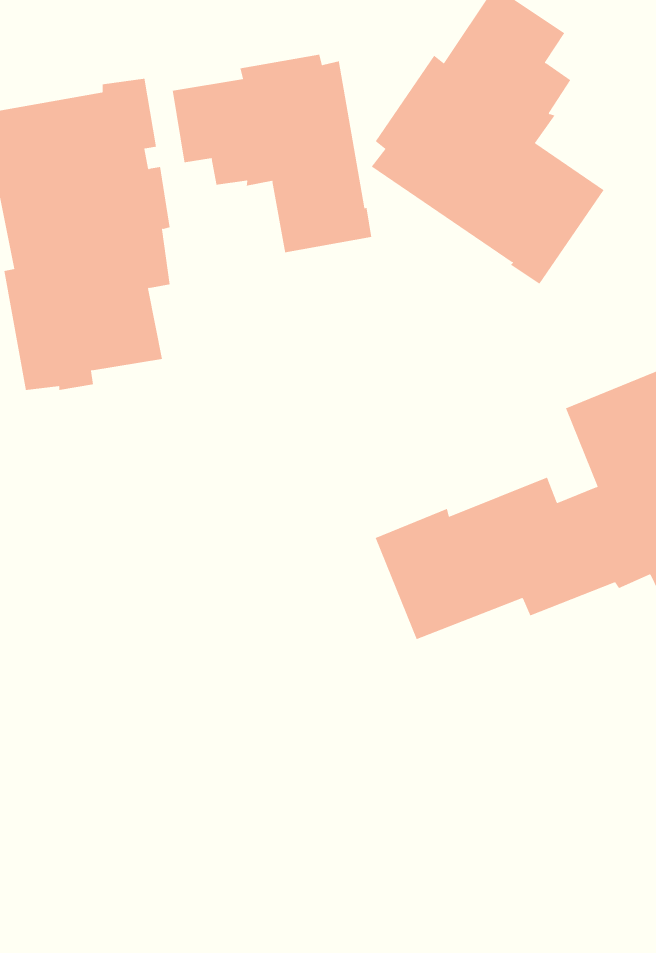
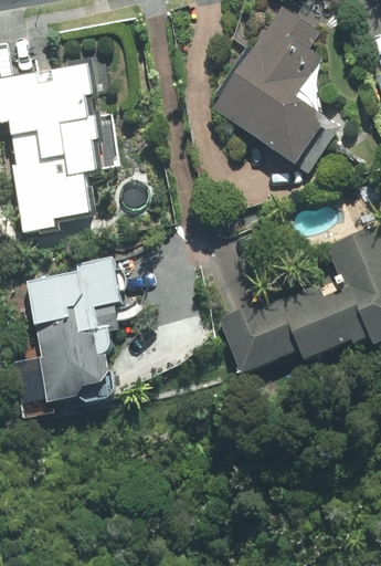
building: [172,54,372,253] -> none
building: none -> [24,255,124,403]

